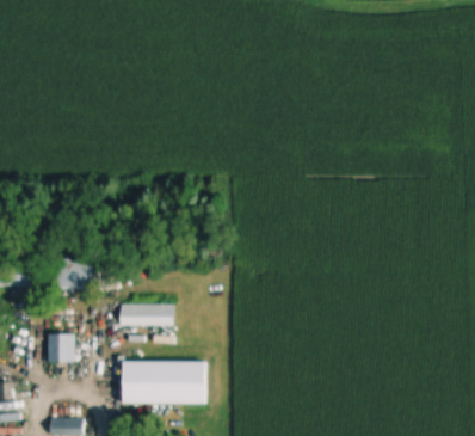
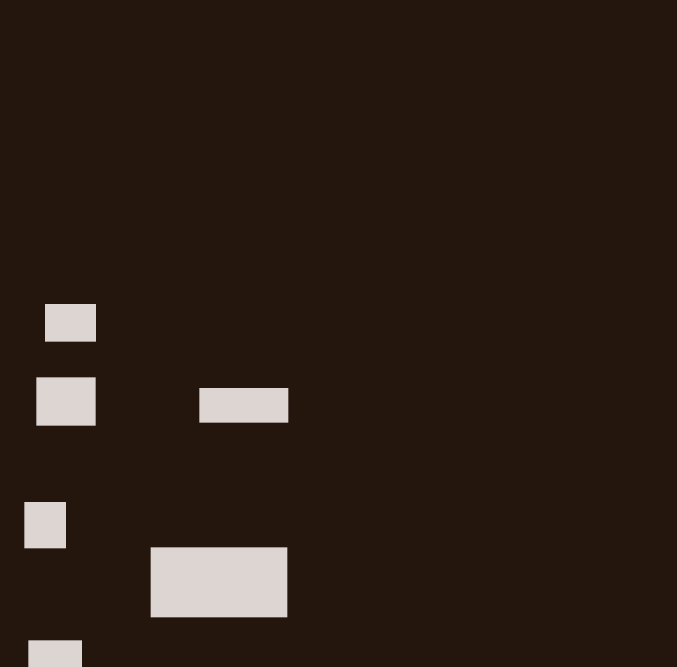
building: none -> [44,303,97,343]
building: [118,303,173,325] -> [198,388,289,423]

